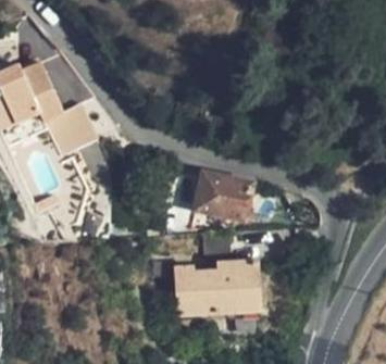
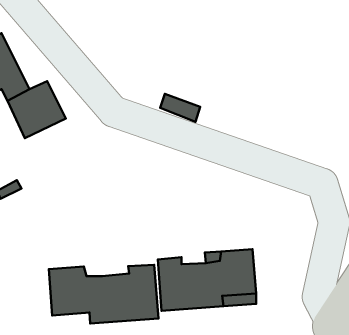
building: [197,175,253,221] -> none
building: none -> [49,265,158,324]

